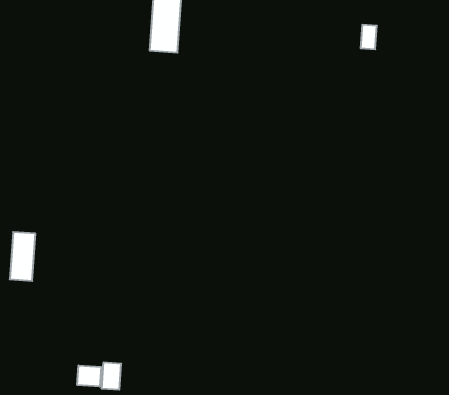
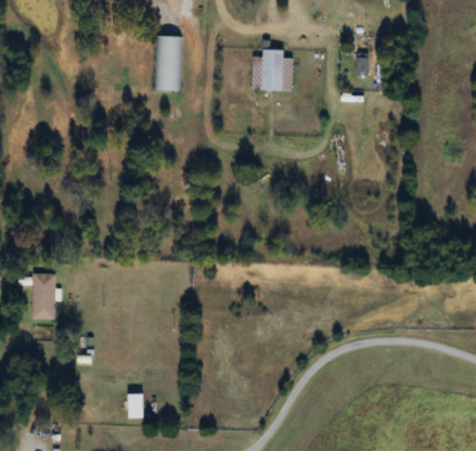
building: none -> [252,49,293,90]
building: [77,365,101,387] -> none

